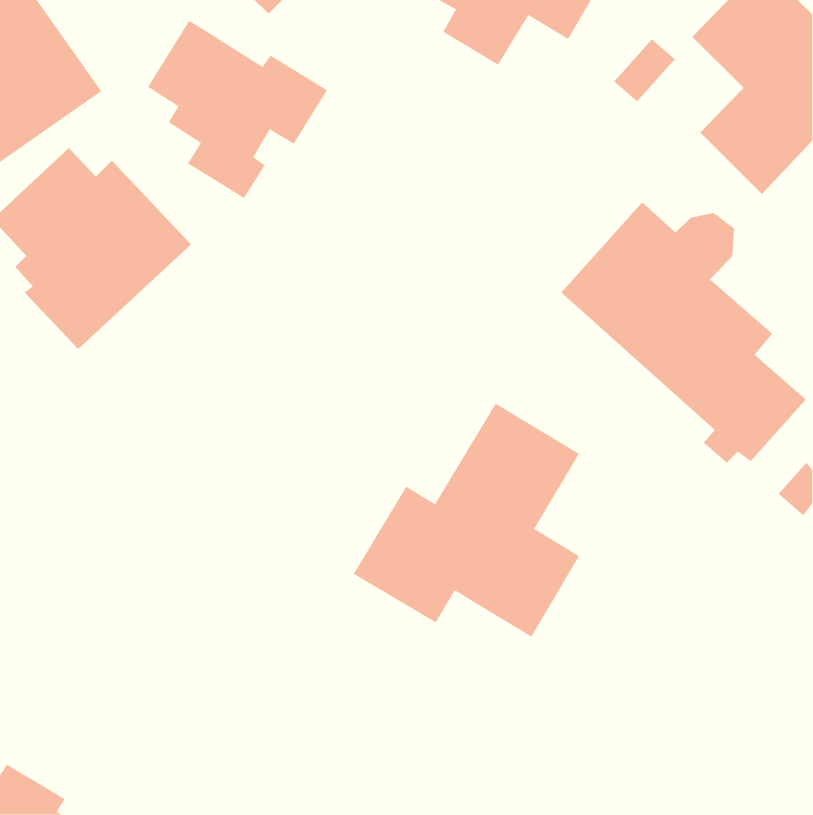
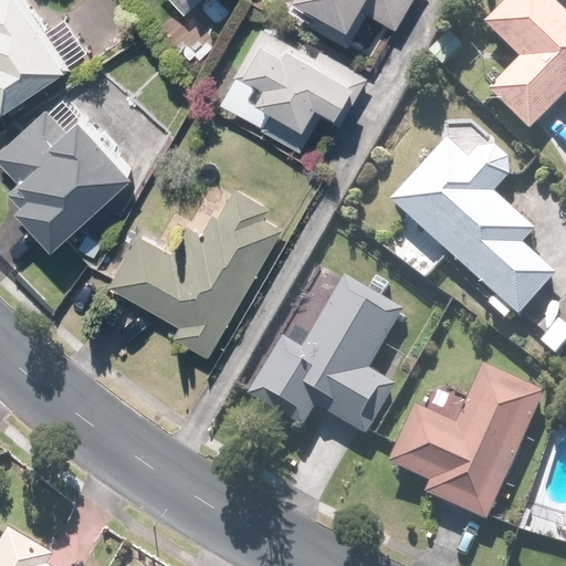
building: [147,20,328,199] -> [233,23,358,147]
building: none -> [107,178,281,353]
building: none -> [387,364,547,523]

